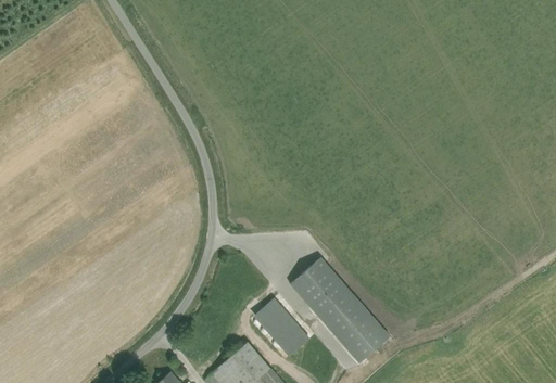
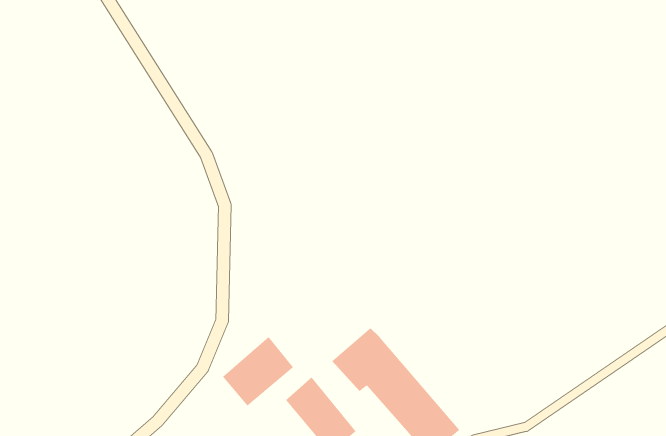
building: none -> [222,336,294,406]

